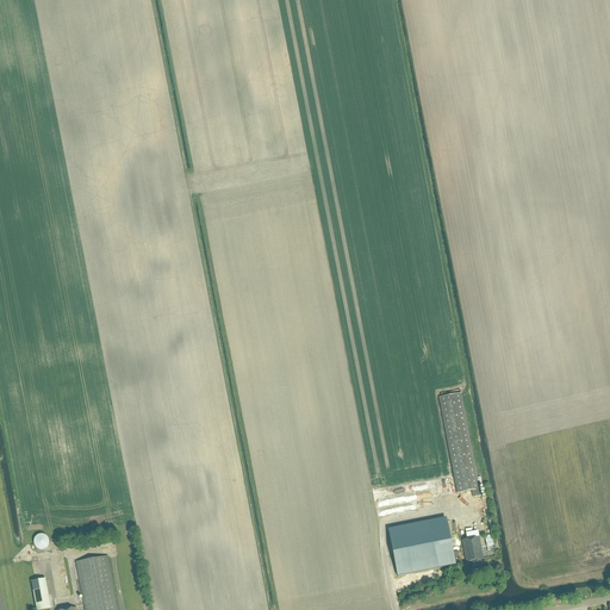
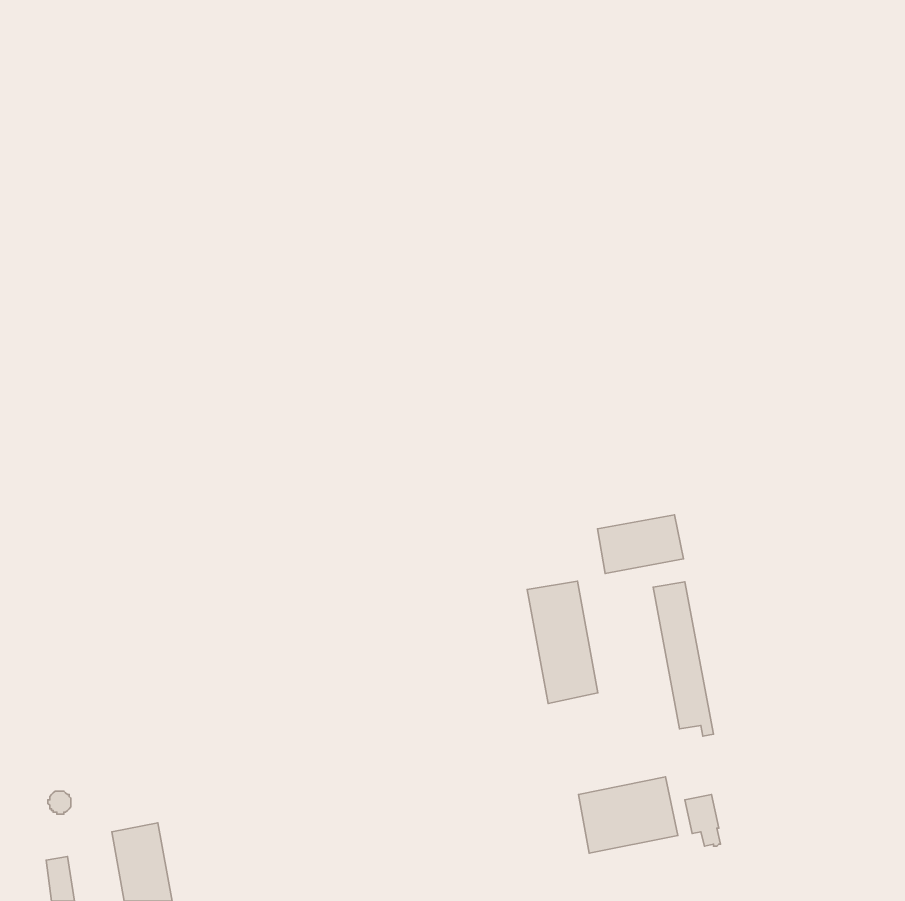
building: none -> [598,515,684,574]
building: none -> [527,581,598,704]

